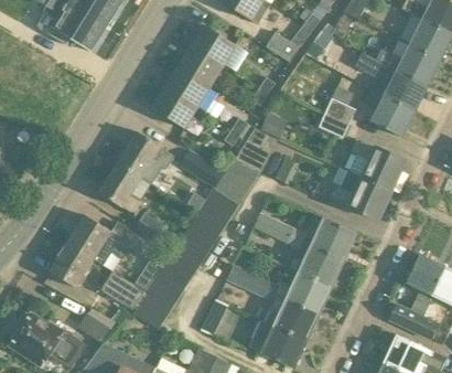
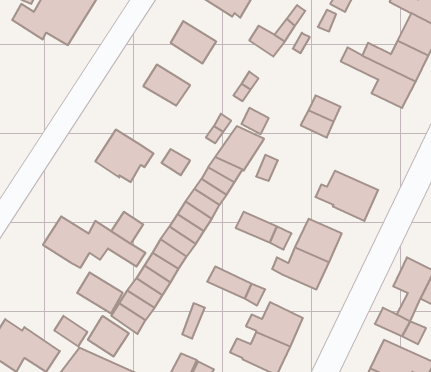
building: [176,47,220,88] -> none
building: [151,89,195,129] -> none
building: [364,89,413,137] -> none
building: [348,138,403,190] -> none
building: [97,162,142,216] -> none
building: [49,243,93,288] -> none
building: [286,271,331,313] -> none
building: none -> [88,316,129,357]

